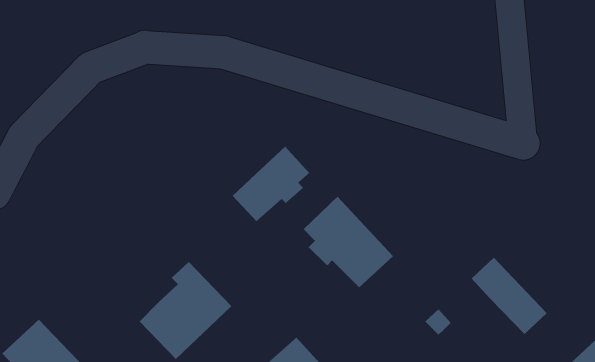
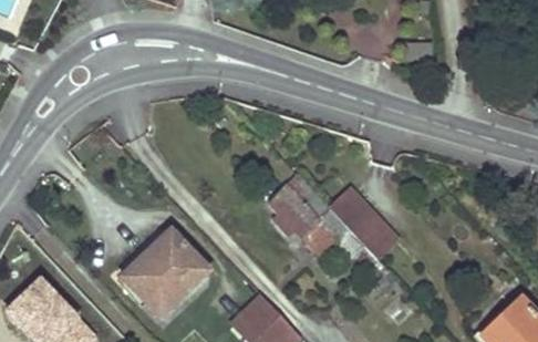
building: [232,146,310,222] -> none
building: [471,257,548,335] -> [331,188,397,256]

